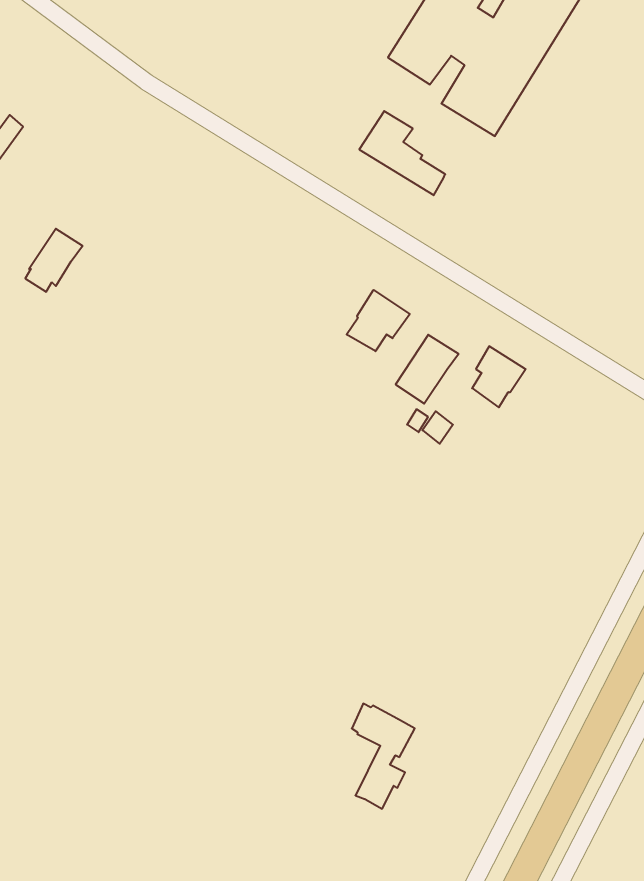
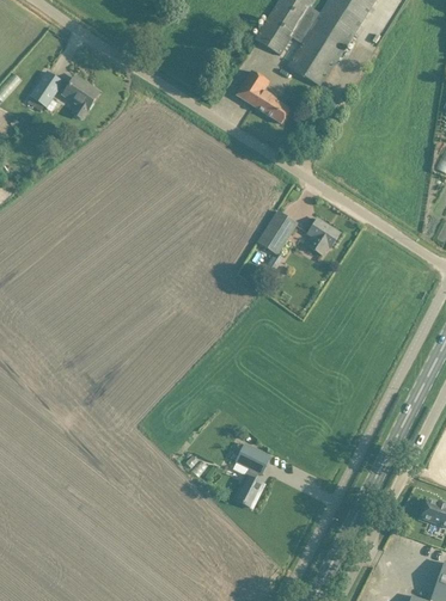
building: none -> [63,78,99,119]
building: [25,229,83,292] -> [28,70,63,110]
building: [347,290,410,351] -> none

